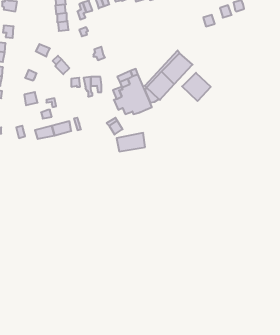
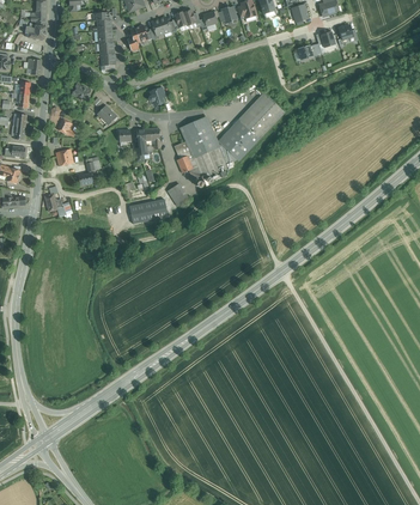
building: [182,73,211,101] -> none
building: [117,133,145,151] -> [129,197,168,223]

